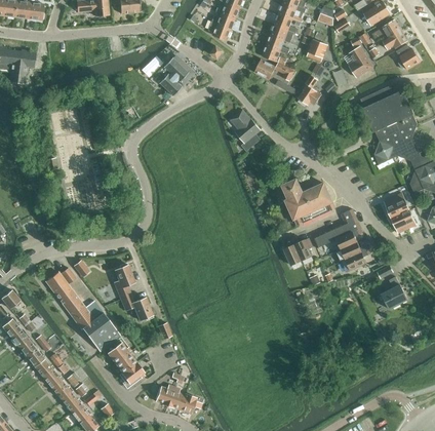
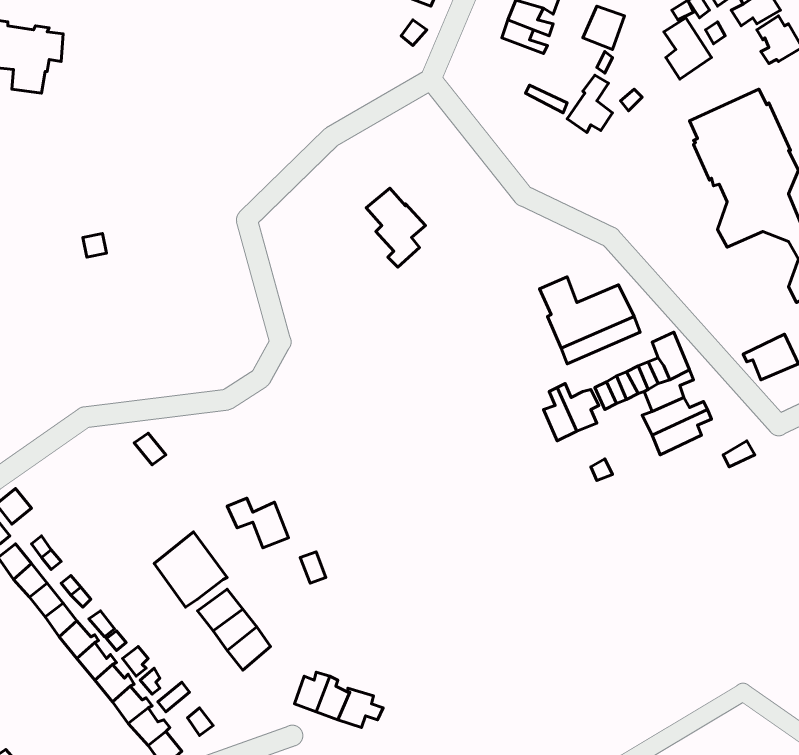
building: [158,57,189,94] -> none
building: [255,58,294,80] -> none
building: [231,110,262,151] -> [366,188,425,267]
building: [385,193,410,220] -> none
building: [114,264,135,299] -> none
building: [45,268,104,329] -> none
building: [382,276,408,309] -> none

